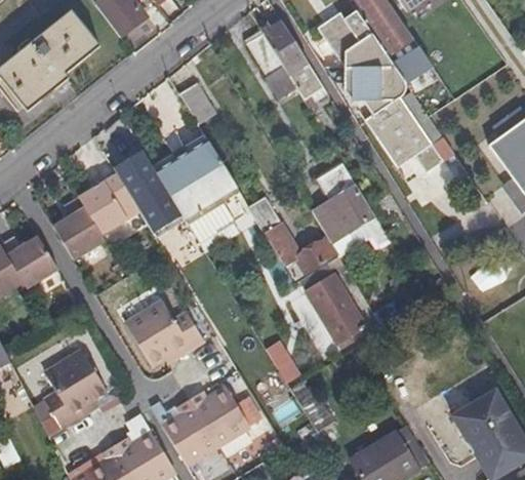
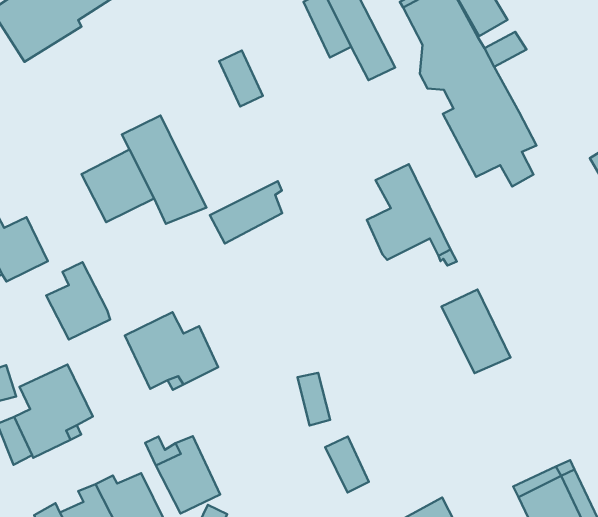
building: [156,137,238,219] -> none
building: [52,196,106,259] -> [46,262,110,340]
building: [249,196,337,279] -> none
building: [306,274,365,342] -> [441,290,510,373]
building: [189,387,248,444] -> none

